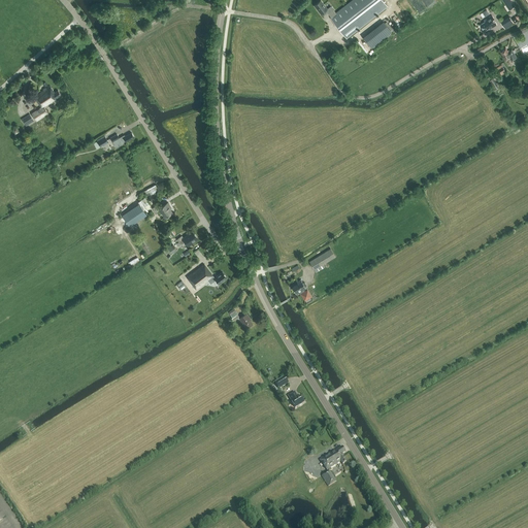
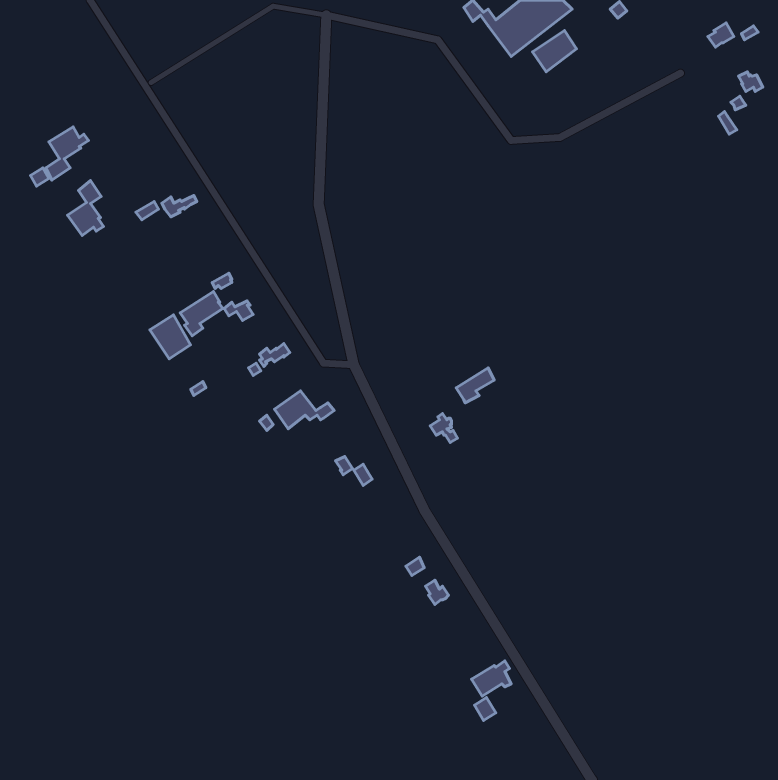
building: none -> [68,181,104,236]
building: none -> [150,315,191,359]

